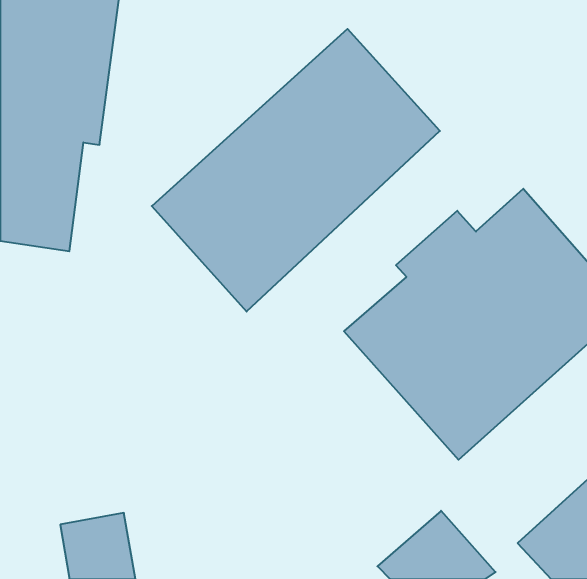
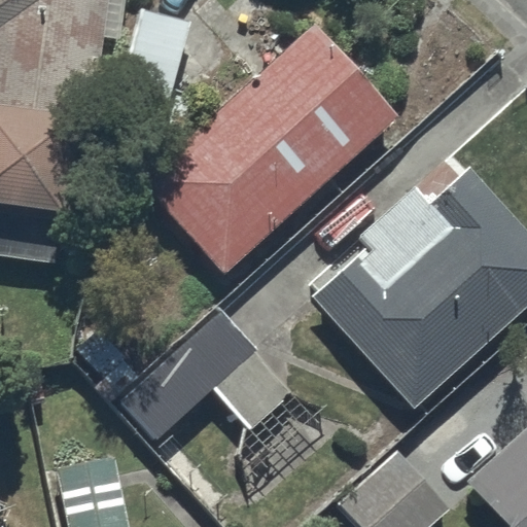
building: none -> [118,309,270,441]

